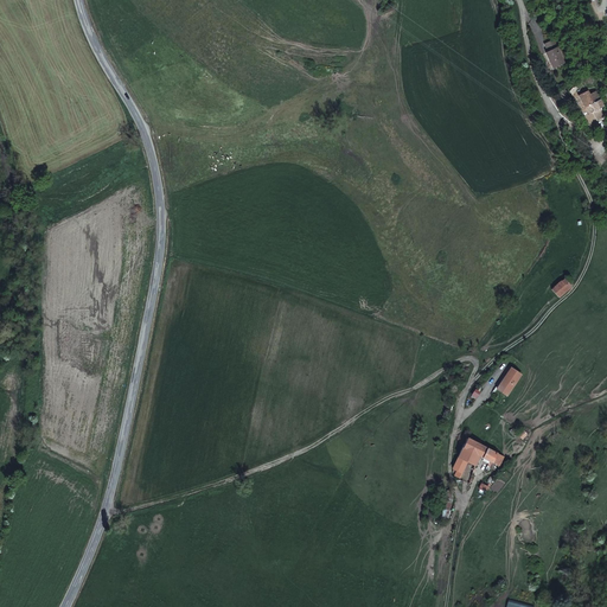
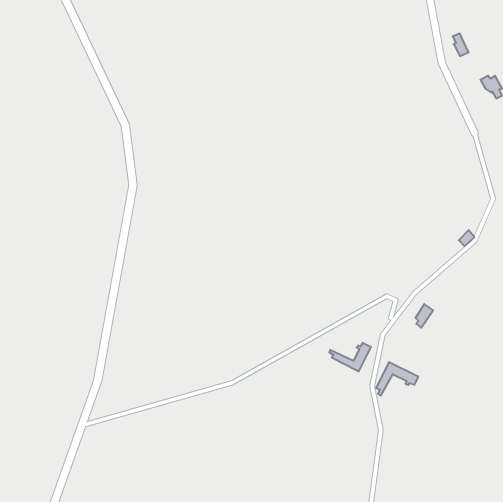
building: none -> [329,343,371,371]

